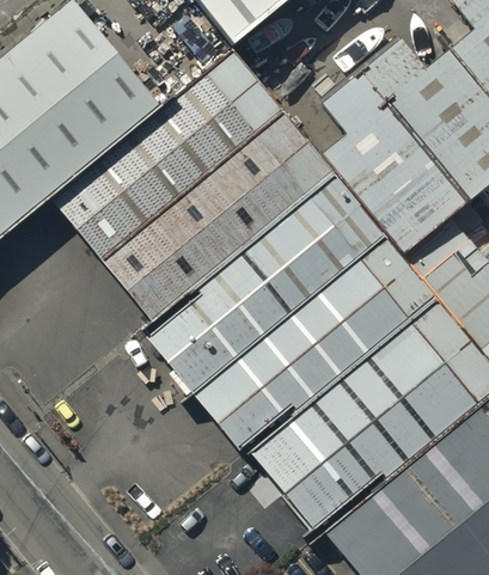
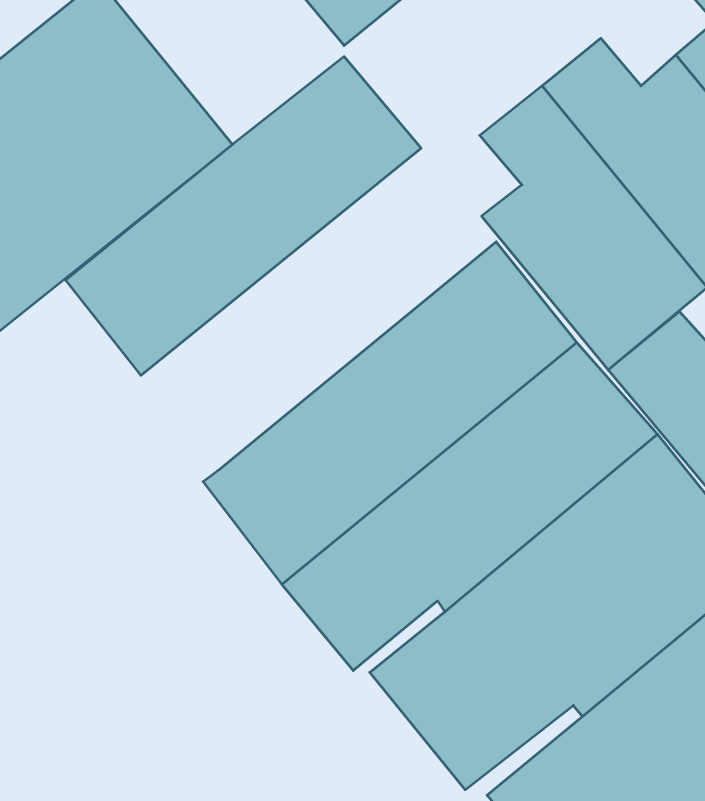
building: [100,110,332,320] -> none

